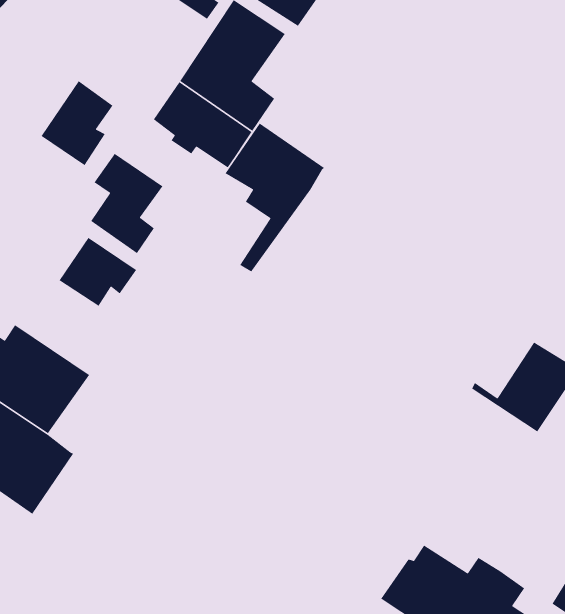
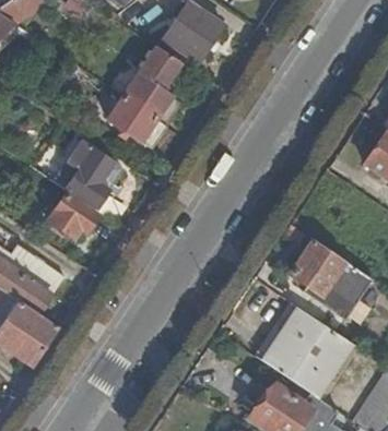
building: [41,80,114,166] -> none
building: [225,123,325,272] -> none
building: none -> [290,238,343,294]
building: none -> [257,303,357,402]

